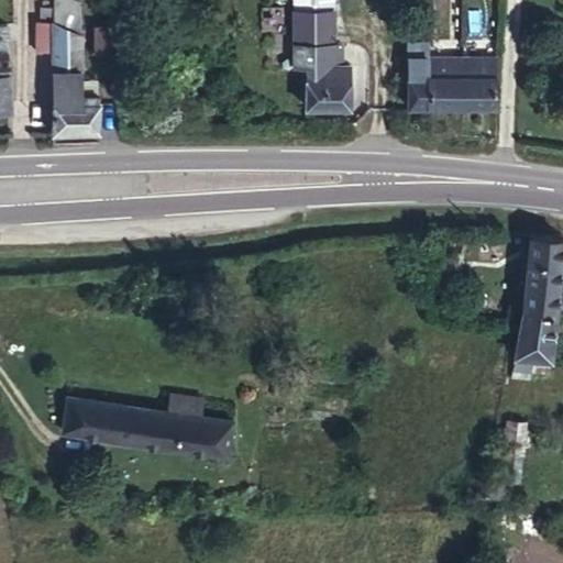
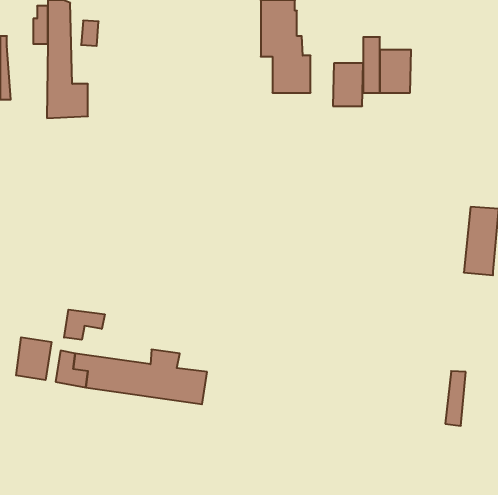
building: [463,60,497,109] -> [333,63,363,106]
building: [512,311,556,380] -> none
building: none -> [64,310,105,340]
building: none -> [16,337,51,380]

